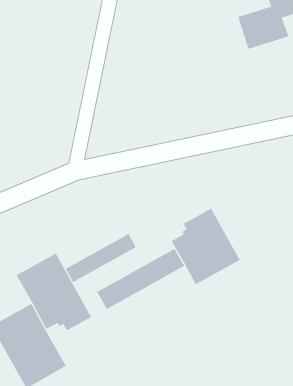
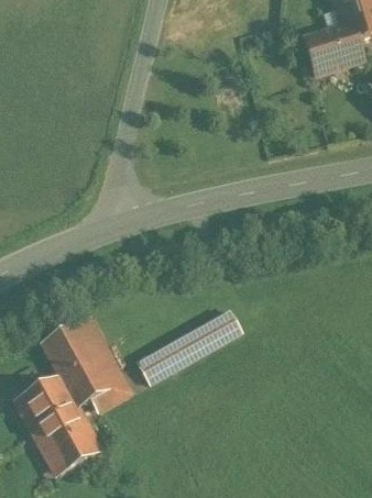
building: [171,208,240,285] -> none
building: [65,233,136,283] -> none

